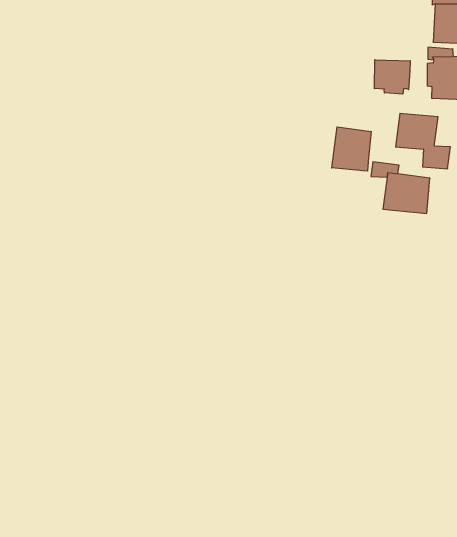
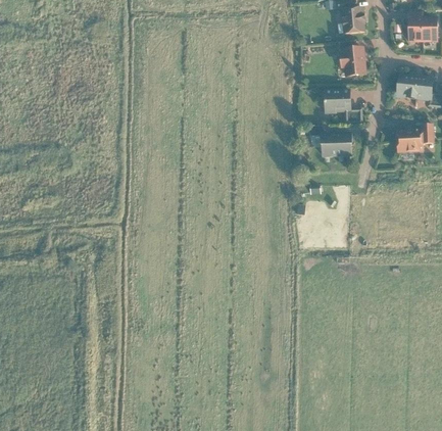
building: [374,60,410,94] -> none
building: [332,127,371,171] -> none

